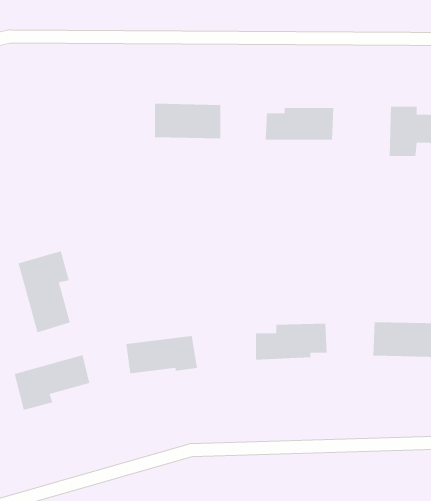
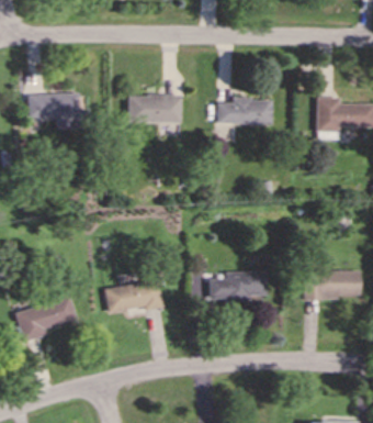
building: none -> [29,92,81,129]
building: [18,250,70,333] -> none

